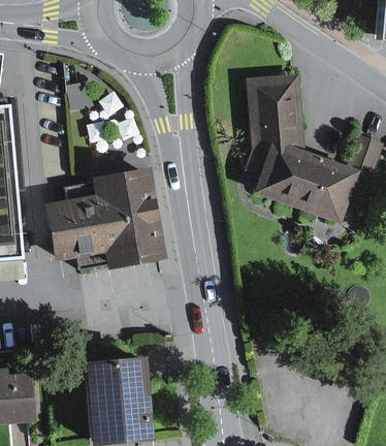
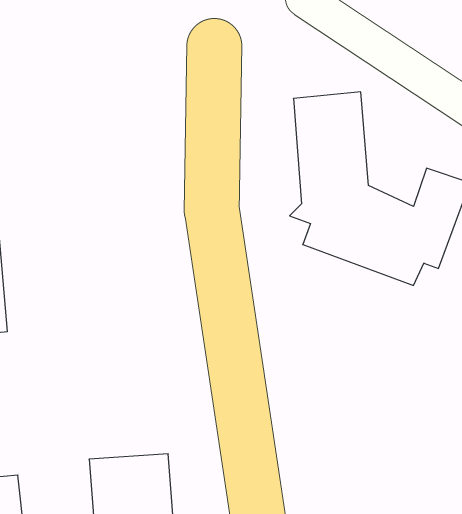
building: [42,167,165,270] -> none

